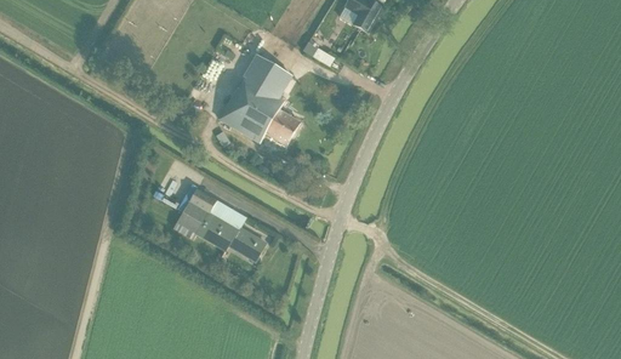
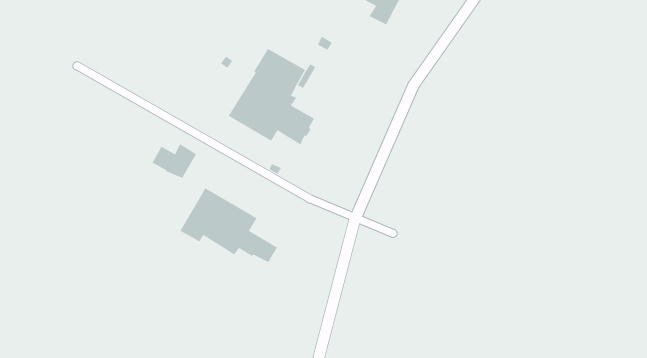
building: none -> [152,143,197,178]

